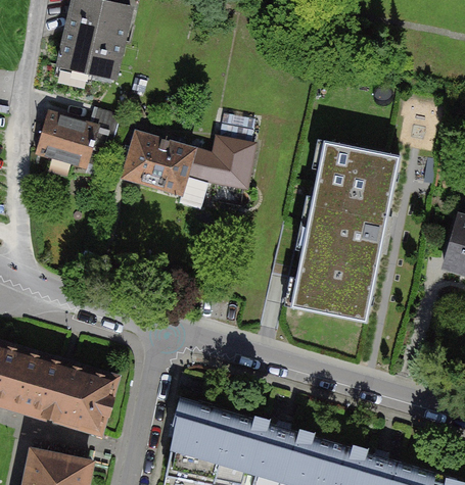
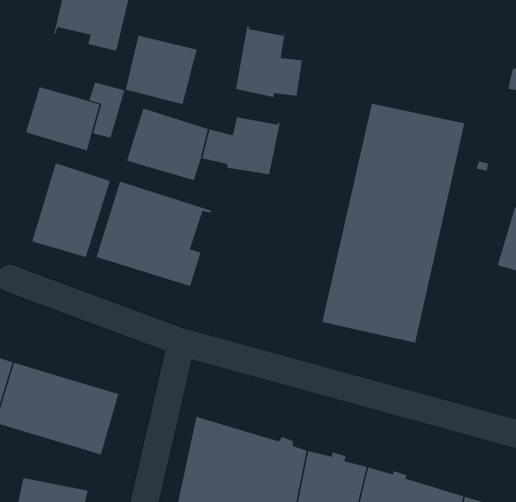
building: none -> [236,26,303,98]
building: none -> [125,35,197,105]
building: none -> [32,162,110,258]
building: none -> [96,181,211,287]

